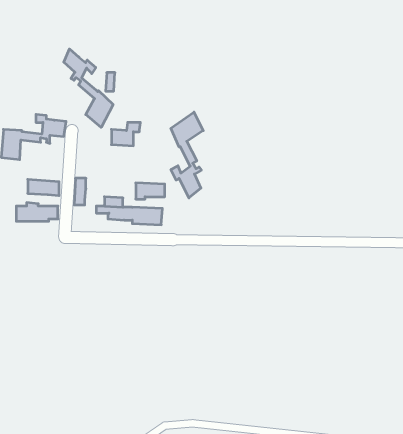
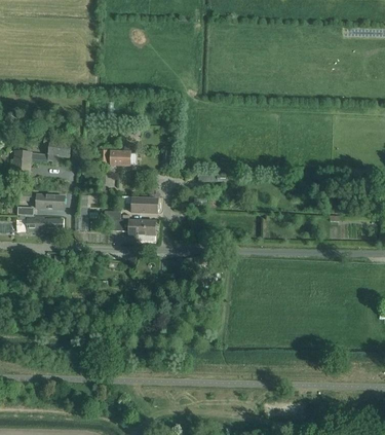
building: [64,49,113,127] -> none
building: [171,112,203,198] -> none

